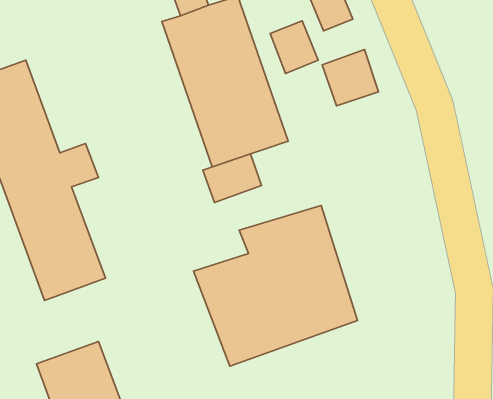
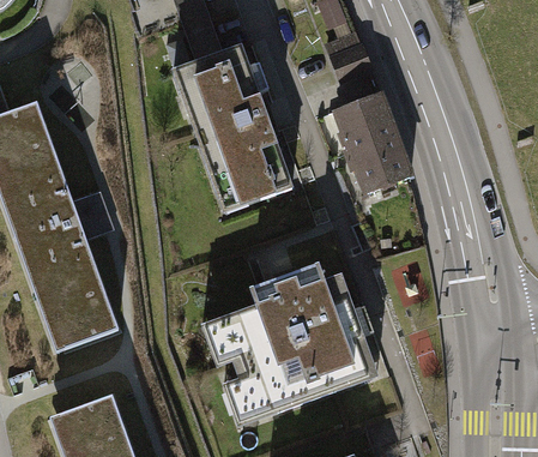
building: [270,21,318,74] -> none
building: none -> [352,139,409,191]
building: [203,154,262,202] -> none

